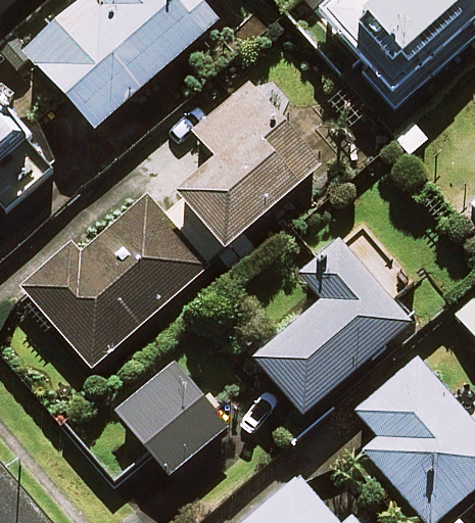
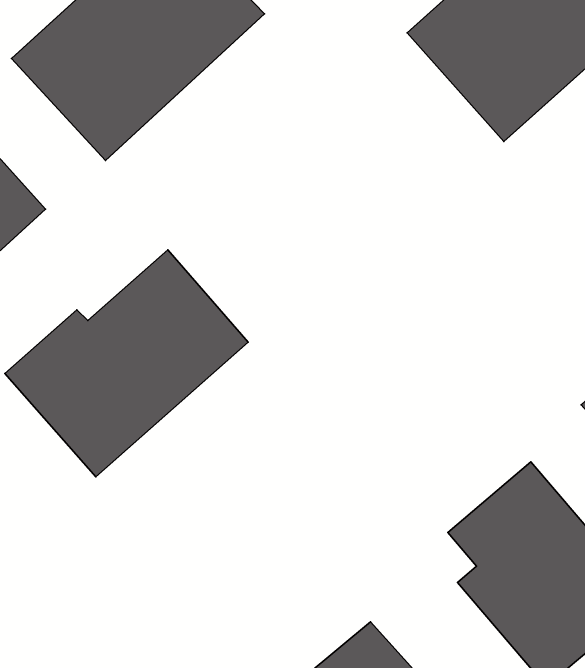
building: [178,81,321,245] -> none
building: [252,239,410,413] -> none
building: [117,361,227,471] -> none

